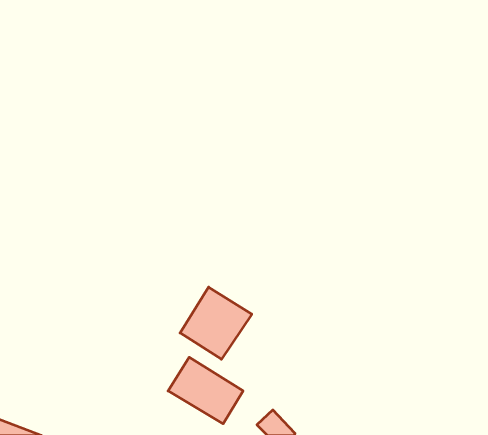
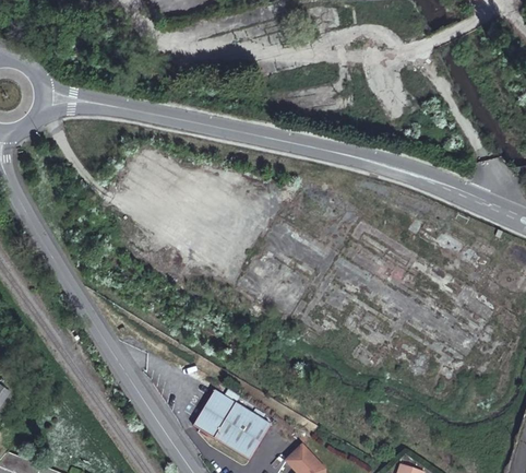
building: [180,287,252,359] -> none

